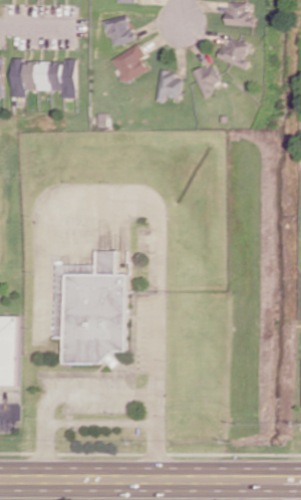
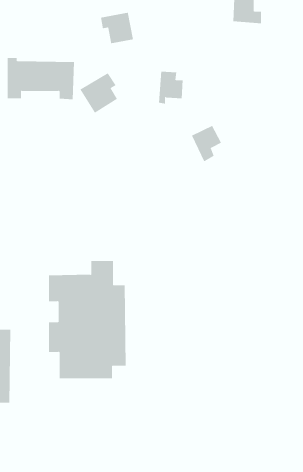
building: [217,38,250,69] -> none
building: [109,44,145,83] -> [80,72,118,114]
building: [192,63,221,98] -> [191,125,222,162]

